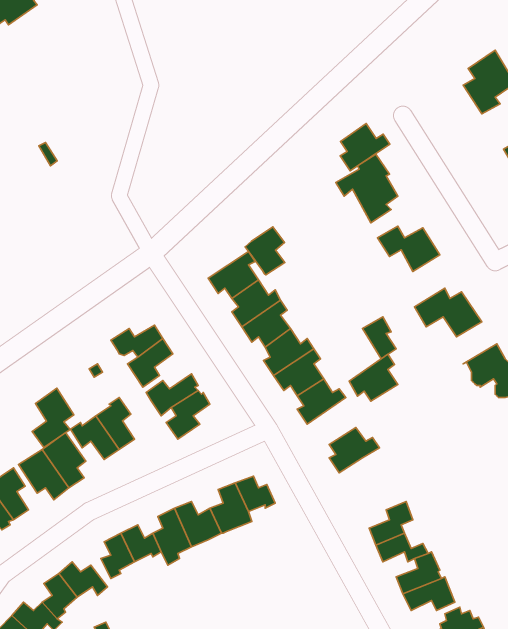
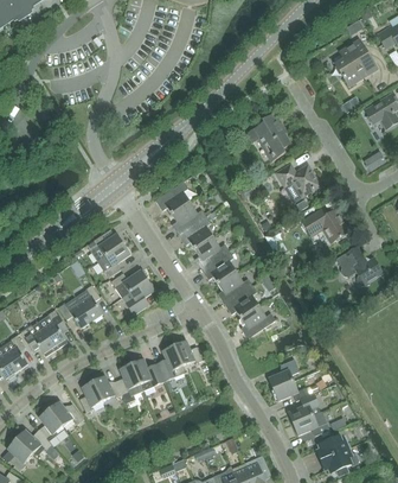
building: [340,123,390,171] -> none
building: [245,227,285,275] -> none
building: [349,354,398,401] -> [224,285,258,318]
building: [32,388,74,448] -> none

